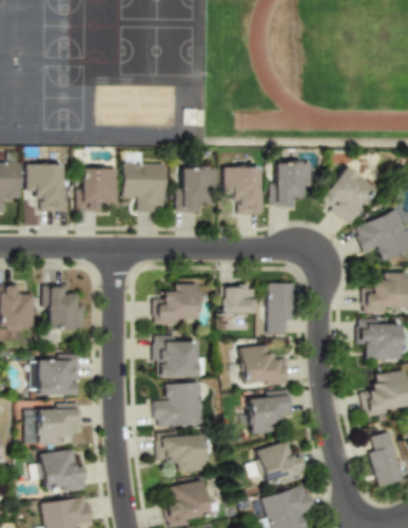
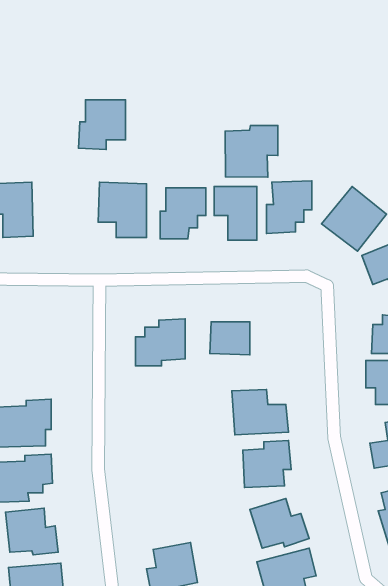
building: none -> [225,125,278,177]
building: [76,168,118,211] -> [78,100,125,149]
building: [270,283,296,334] -> none
building: [44,285,85,329] -> none
building: [155,335,198,377] -> none
building: [155,382,204,427] -> none
building: [157,433,205,471] -> none

